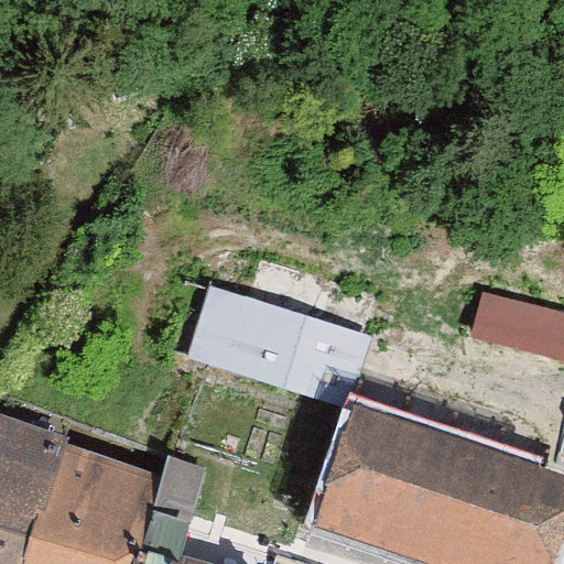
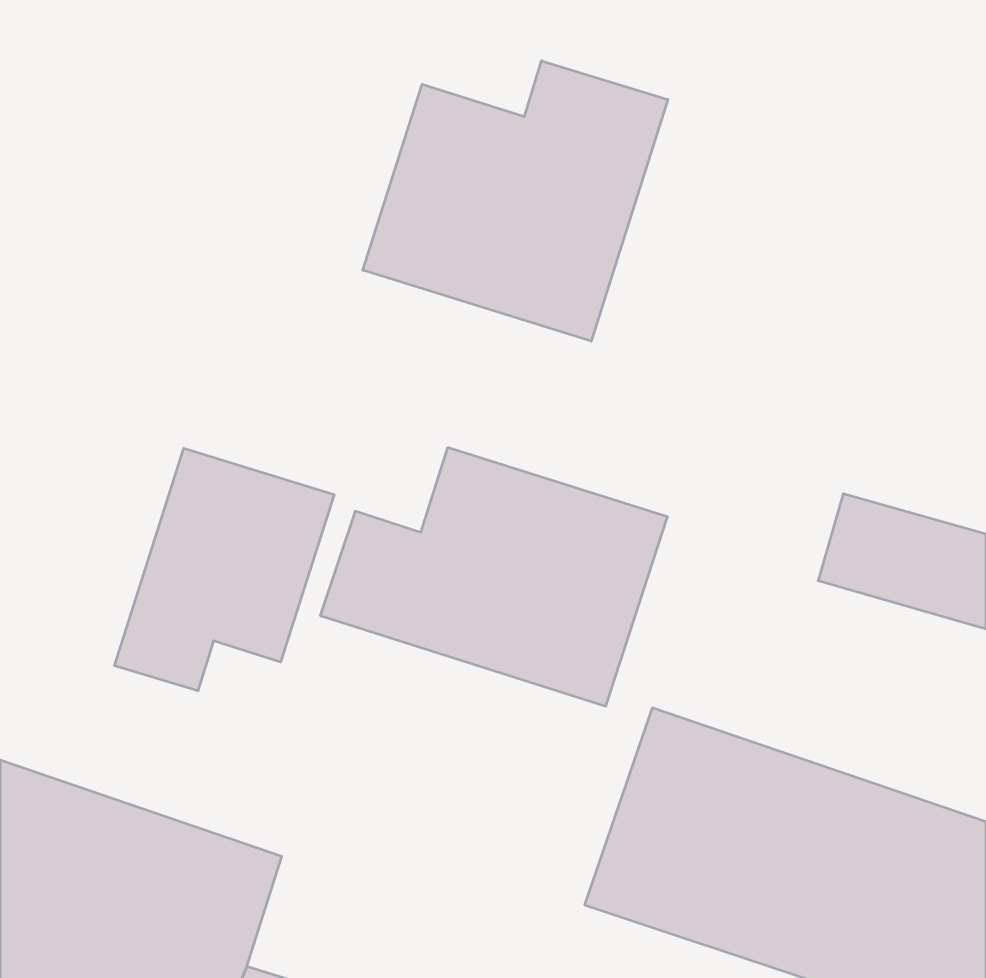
building: none -> [363,61,668,341]
building: none -> [115,448,334,691]

